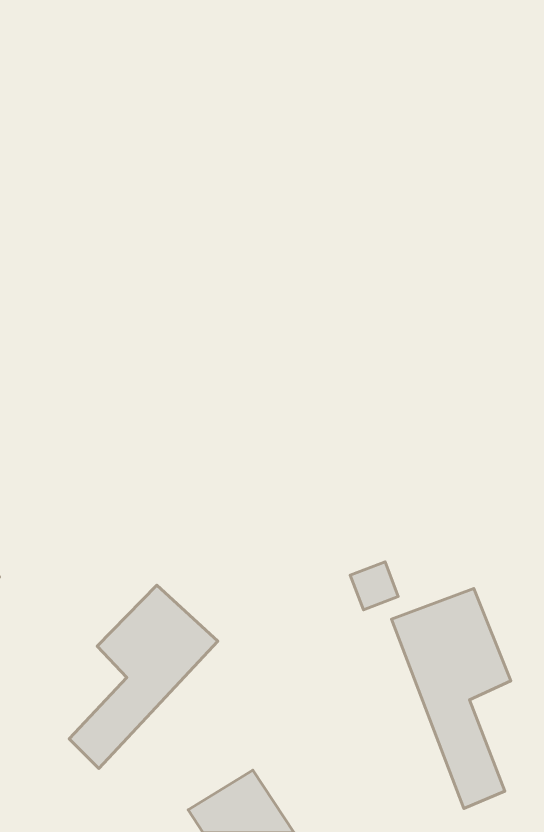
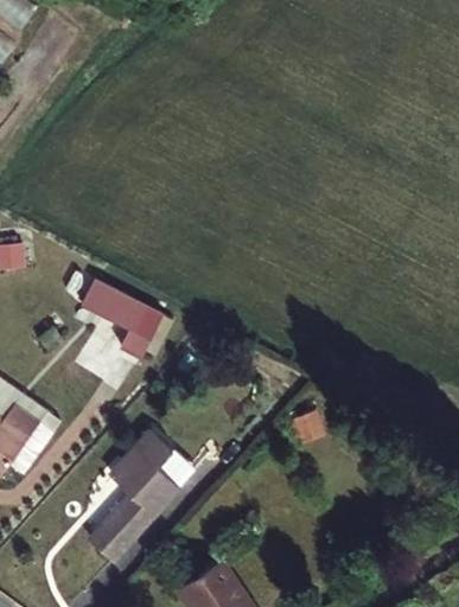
building: none -> [87,285,168,363]
building: [392,589,511,808] -> none

